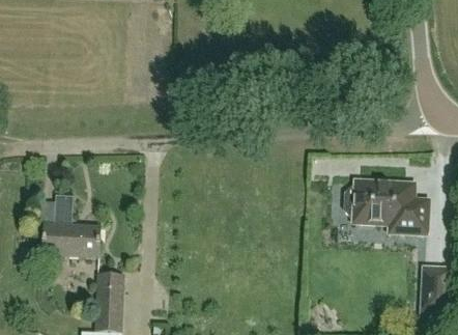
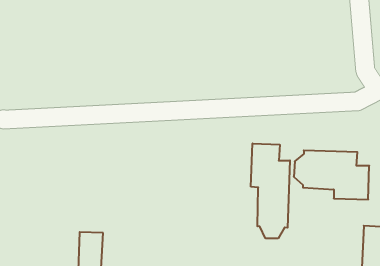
building: none -> [251,143,290,238]
building: [41,193,99,255] -> none

